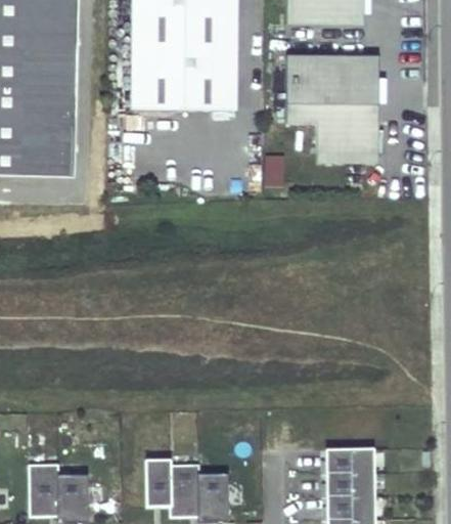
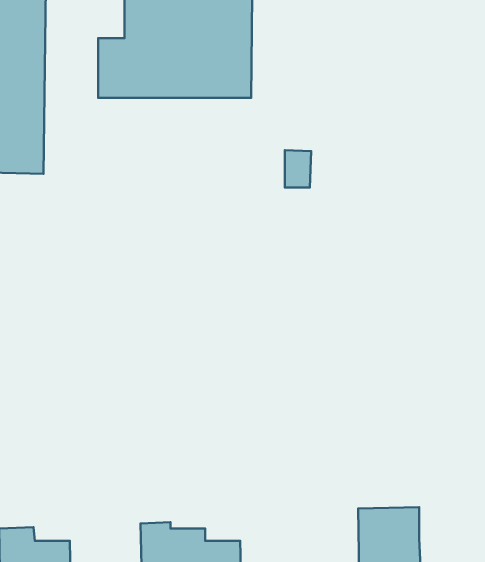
building: [286,58,379,156] -> none

